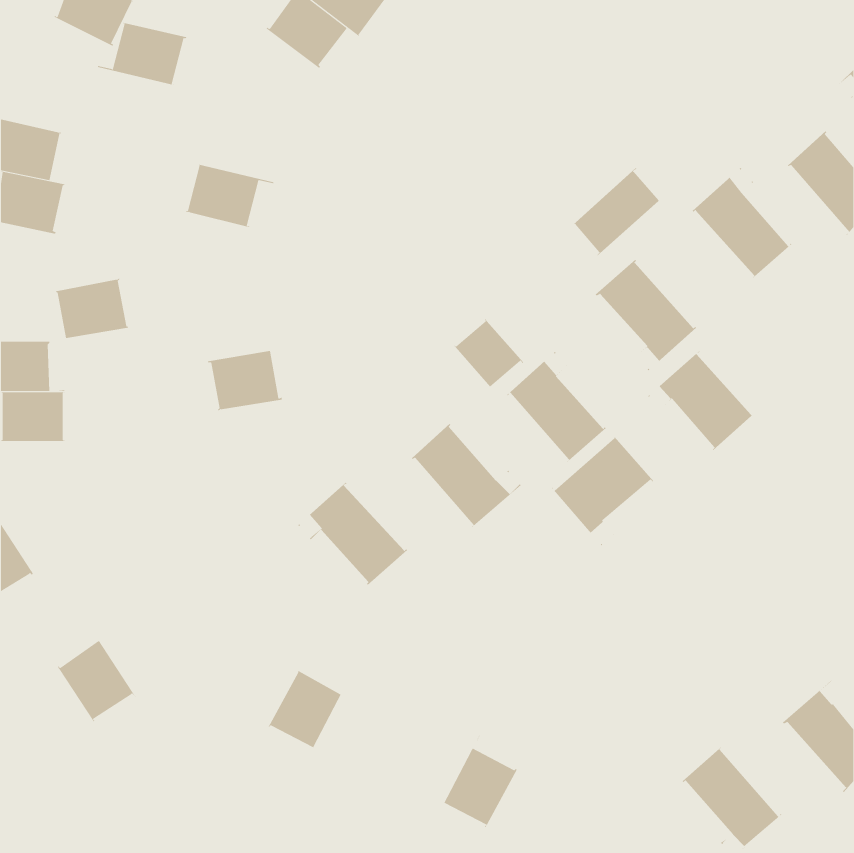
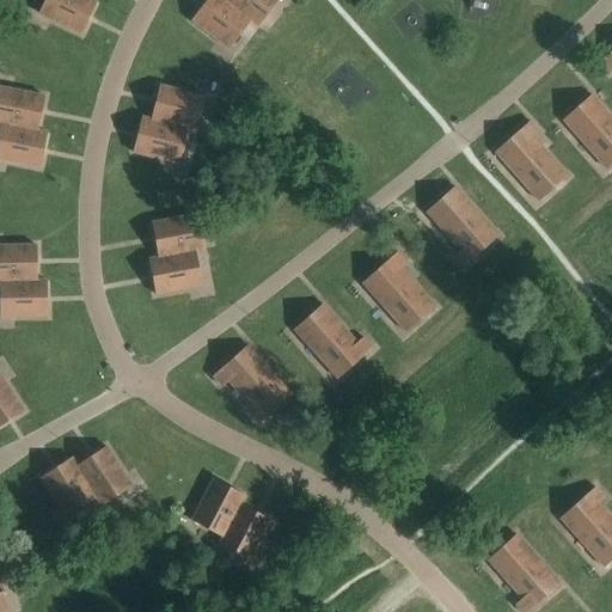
building: [97,22,187,86] -> [141,85,206,130]
building: [571,167,674,257] -> none
building: [50,278,129,341] -> [148,213,204,258]
building: [453,318,524,398] -> none
building: [647,351,755,451] -> none
building: [551,434,654,546] -> none
building: none -> [71,445,131,504]
building: [442,735,518,828] -> [219,495,273,562]

